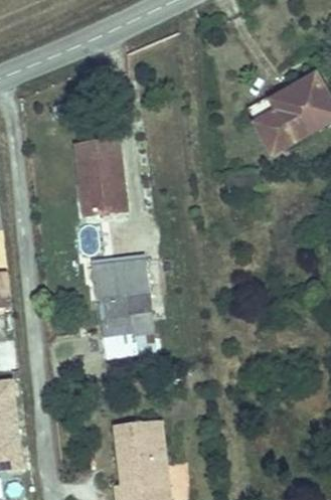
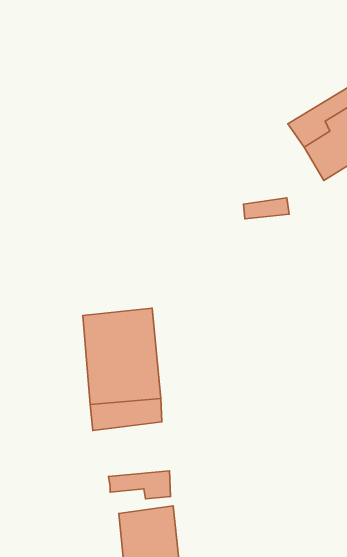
building: [78,144,125,214] -> none
building: none -> [109,471,171,499]

